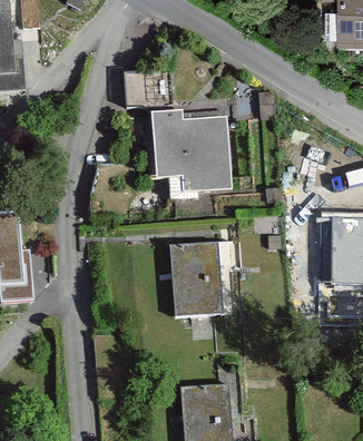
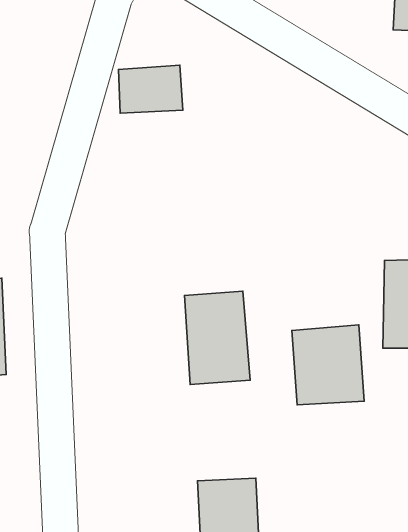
building: [149,110,232,188] -> none
building: none -> [292,325,364,405]

